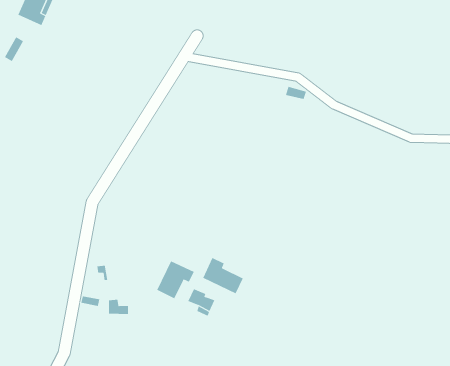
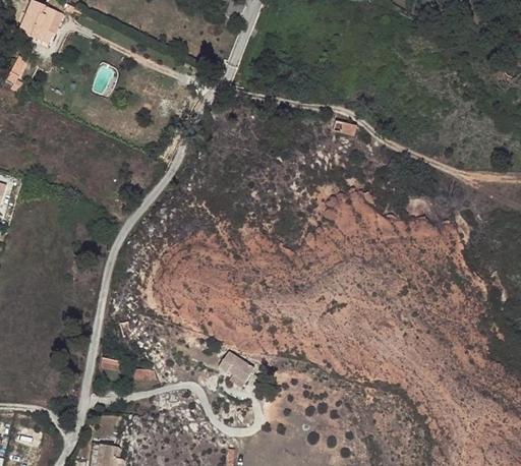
building: [202,257,244,294] -> none
building: [157,260,194,299] -> none

